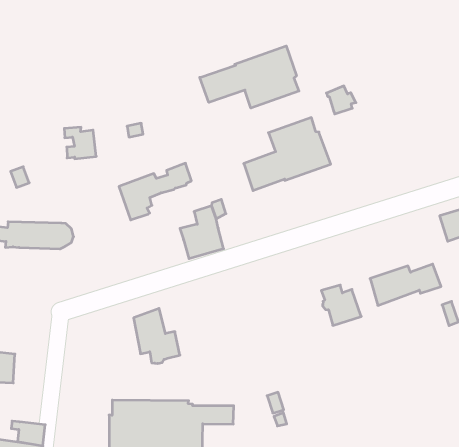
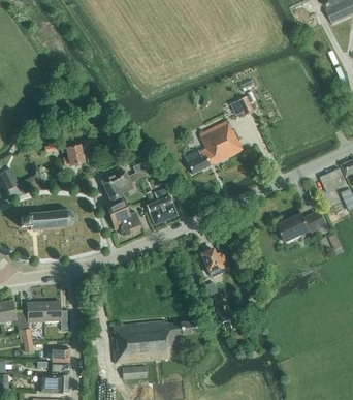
building: [200,46,299,108] -> none
building: [321,285,361,325] -> [200,249,229,277]
building: [134,308,180,363] -> [106,197,140,235]
building: none -> [43,301,67,330]

